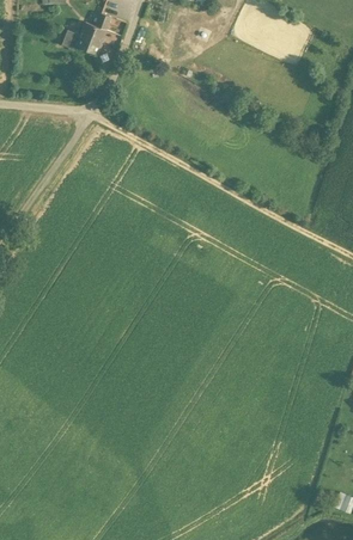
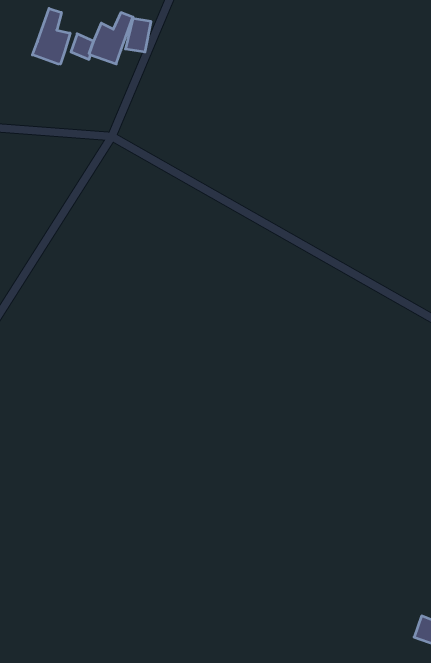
building: none -> [32,8,70,64]

